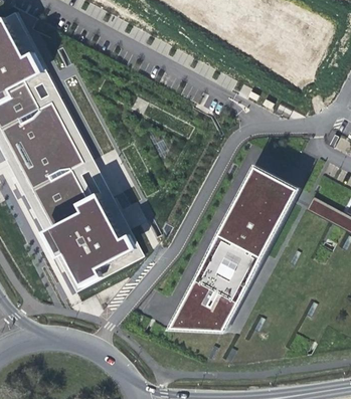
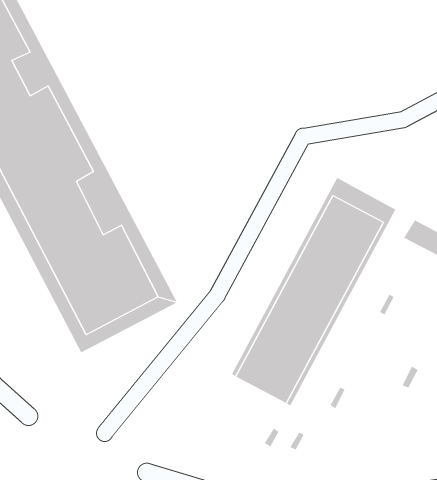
building: [171,306,224,329] -> none

